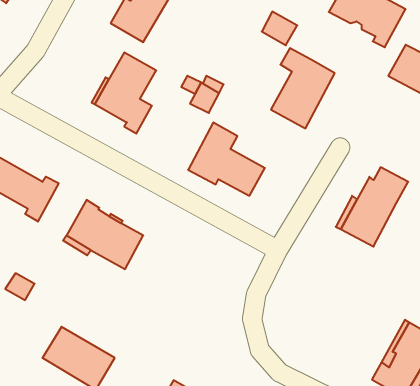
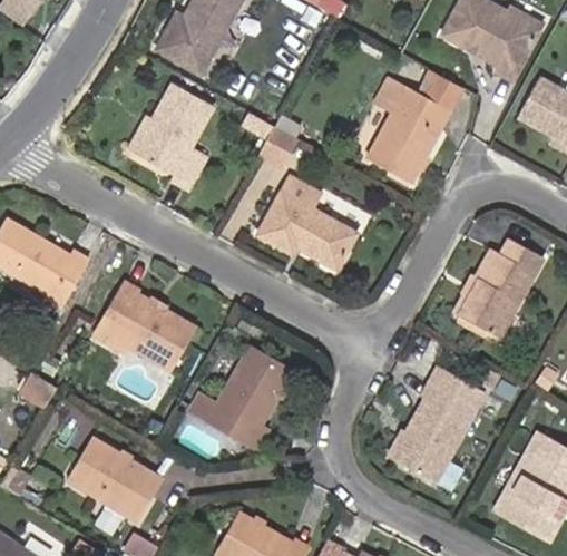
building: [262,12,297,45] -> [416,70,461,114]
building: none -> [189,344,292,447]
building: none -> [390,380,476,479]

